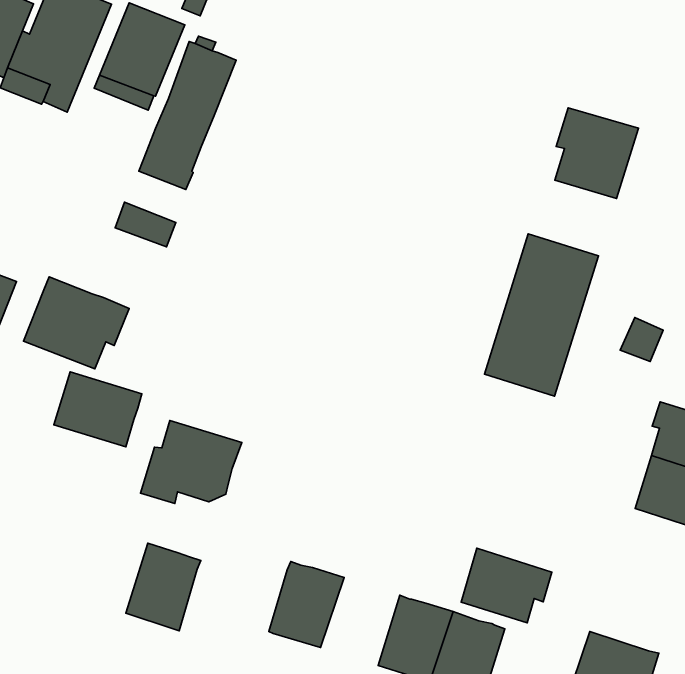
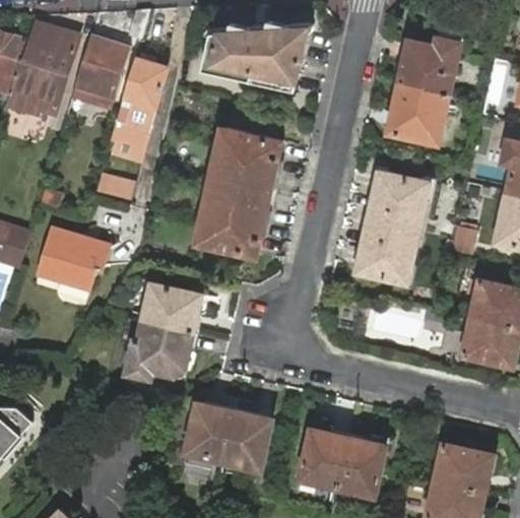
building: none -> [200,27,308,91]
building: none -> [399,27,461,92]
building: none -> [197,128,282,255]
building: [54,372,142,447] -> [142,283,201,332]
building: [126,543,201,631] -> [185,402,234,461]
building: [461,548,552,623] -> none

